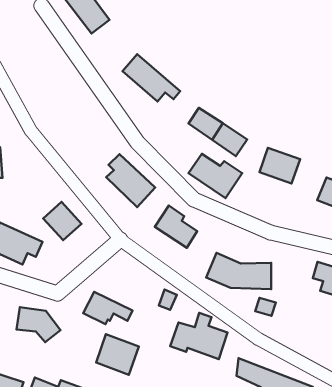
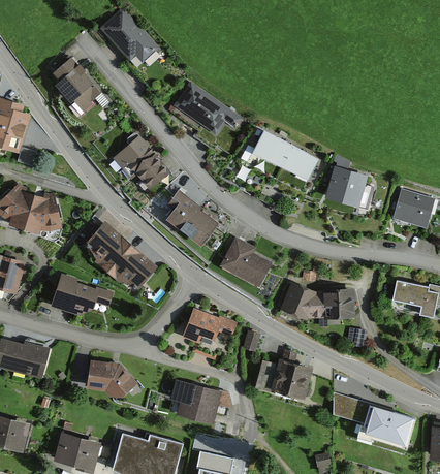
building: none -> [56,62,100,117]
building: none -> [113,137,169,188]
building: [189,154,242,198] -> none
building: none -> [84,226,124,267]
building: [83,292,132,324] -> [179,307,230,340]

